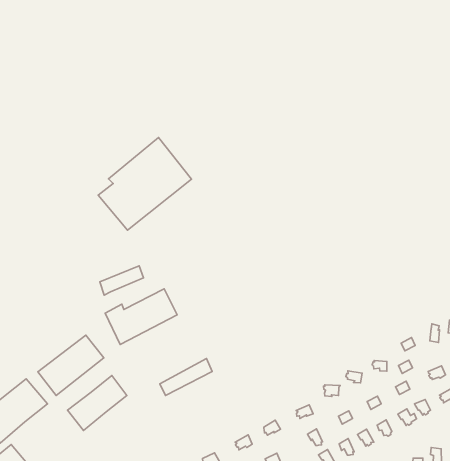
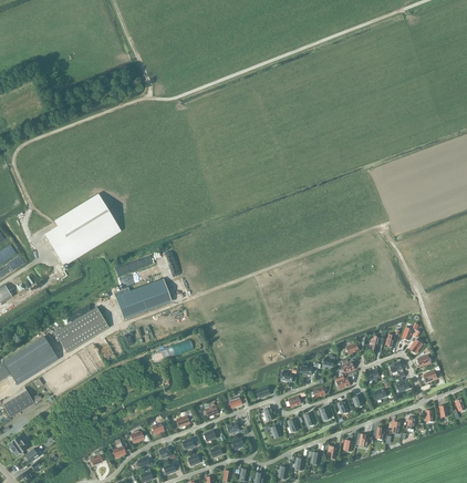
building: [98,138,192,230] -> [44,194,121,265]
building: [68,376,127,430] -> none

